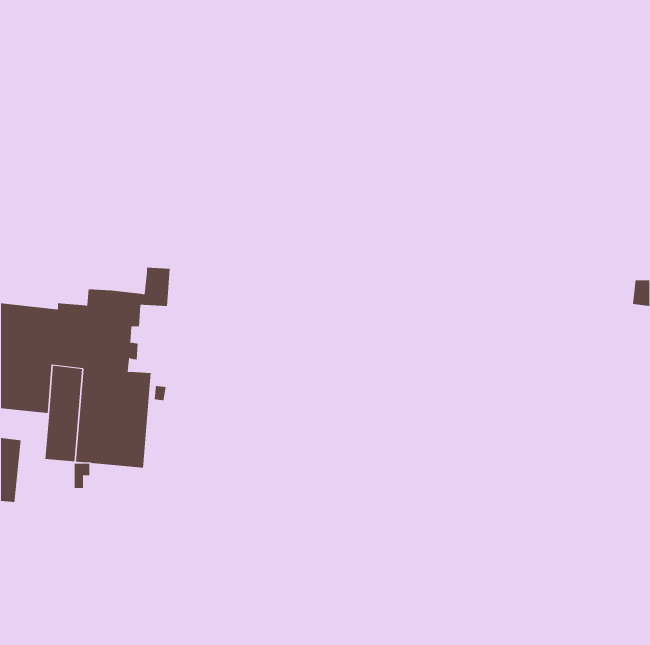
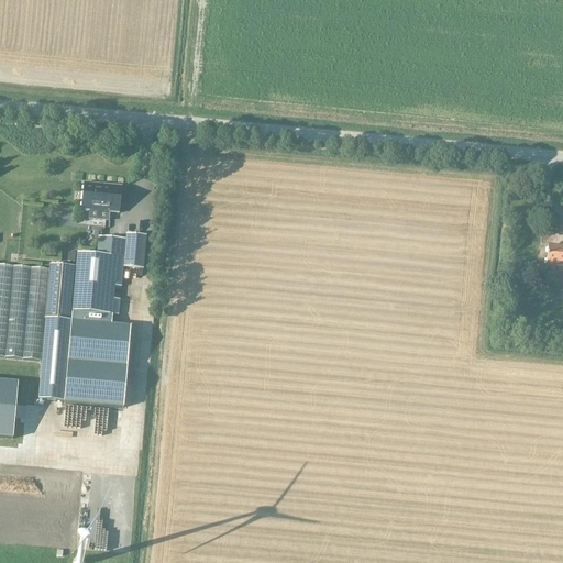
building: none -> [82,179,122,218]
building: none -> [97,233,126,254]

